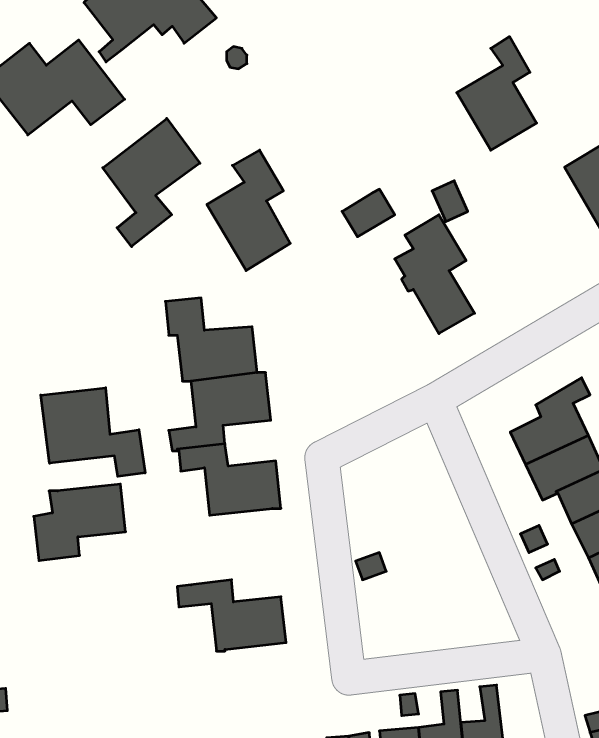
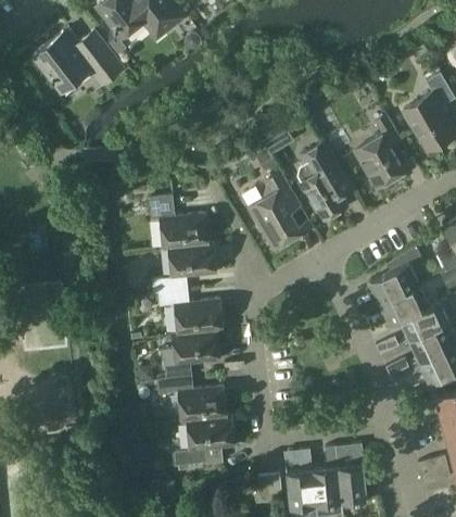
building: [457,37,537,150] -> [353,115,404,188]
building: [103,118,200,247] -> none
building: [207,150,290,271] -> [248,173,301,250]
building: [41,388,145,476] -> none
building: [34,484,126,561] -> [162,330,220,379]
building: none -> [174,416,235,466]

